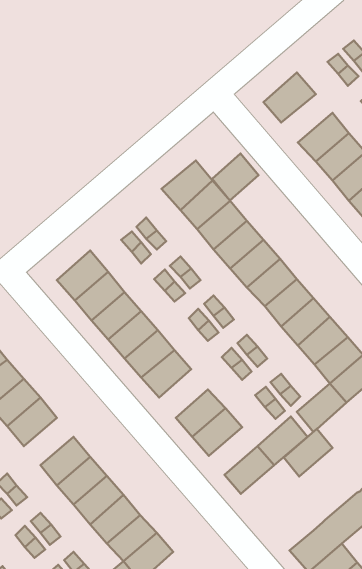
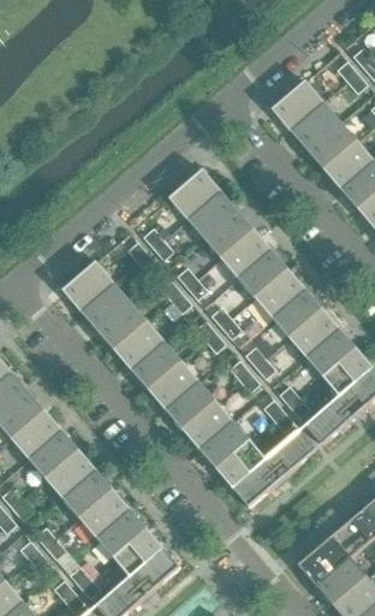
building: none -> [290,101,341,150]
building: [212,154,259,200] -> none
building: none -> [166,380,215,430]
building: none -> [29,430,79,478]
building: [284,429,332,476] -> [216,439,266,487]

